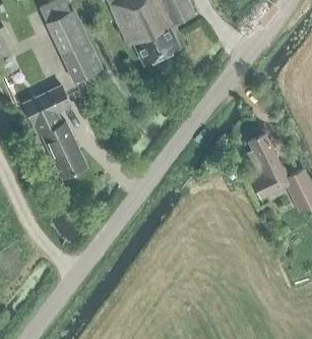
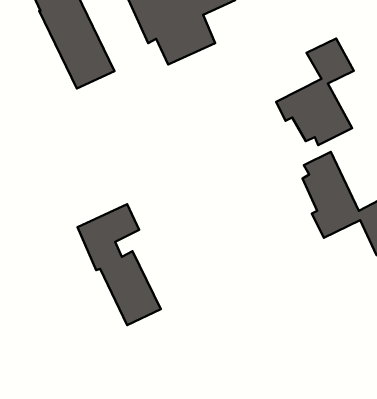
building: none -> [276,39,354,145]
building: [21,87,84,178] -> [77,204,161,325]

